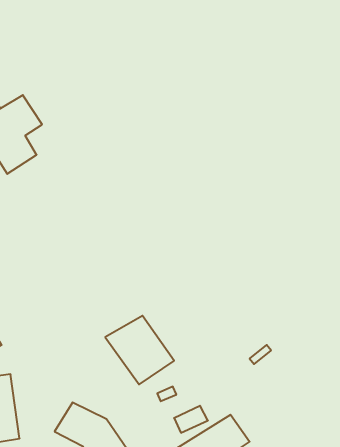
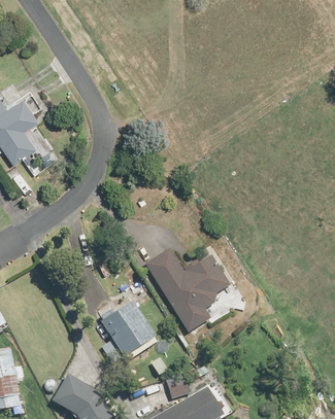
building: none -> [142,247,228,333]

